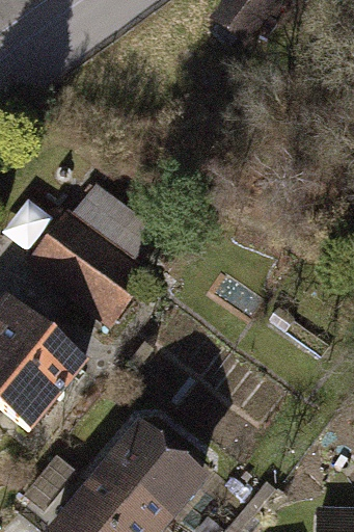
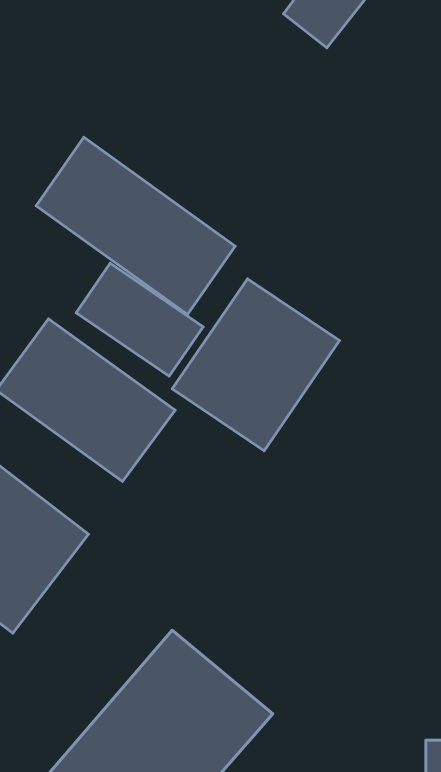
building: none -> [36,137,235,315]
building: none -> [172,279,340,451]

